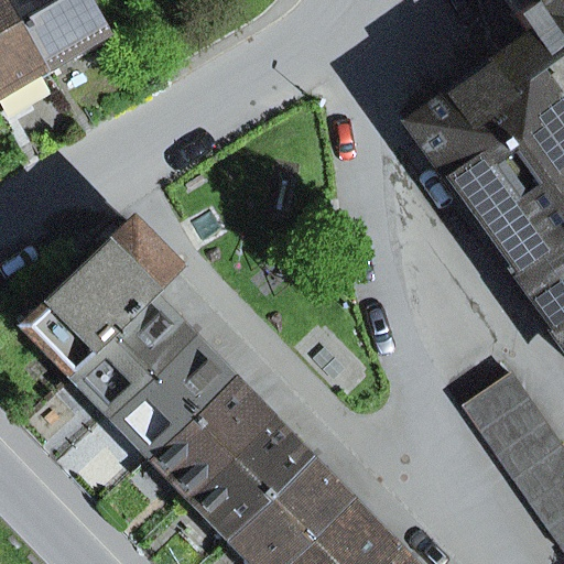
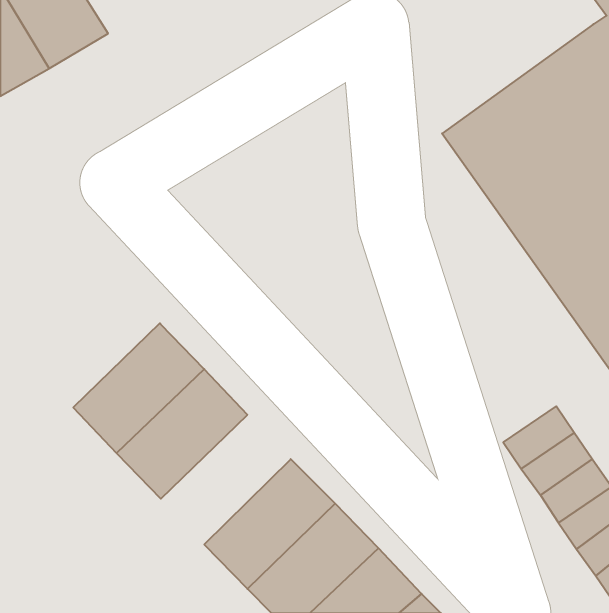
building: [25,224,180,373] -> none
building: [152,380,271,499] -> none

